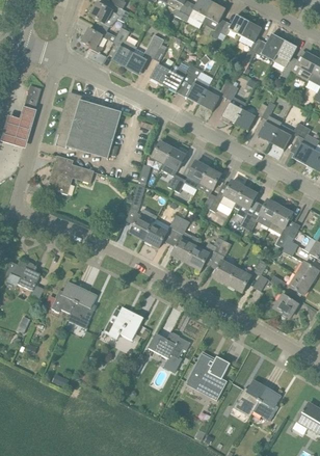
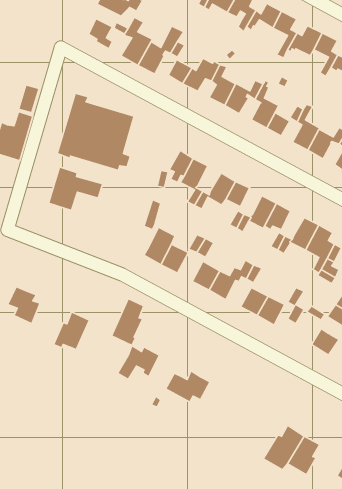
building: [69,287,97,327] -> [111,298,144,346]
building: [186,352,230,397] -> none

